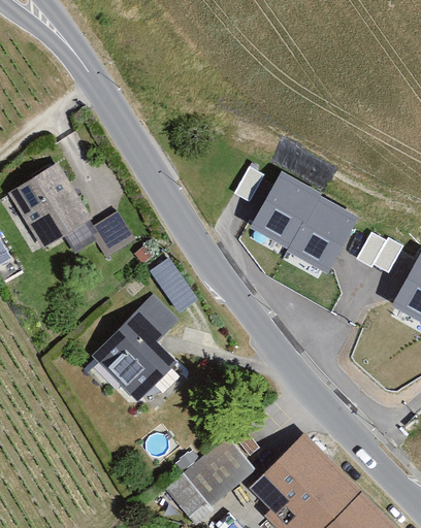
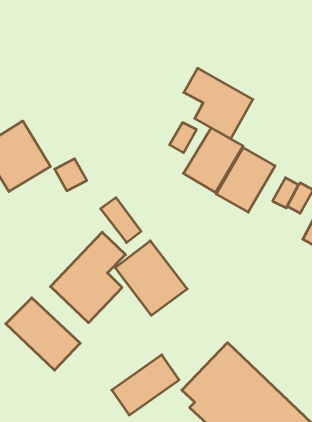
building: none -> [184,68,253,139]
building: none -> [115,241,187,315]
building: none -> [6,298,80,370]

